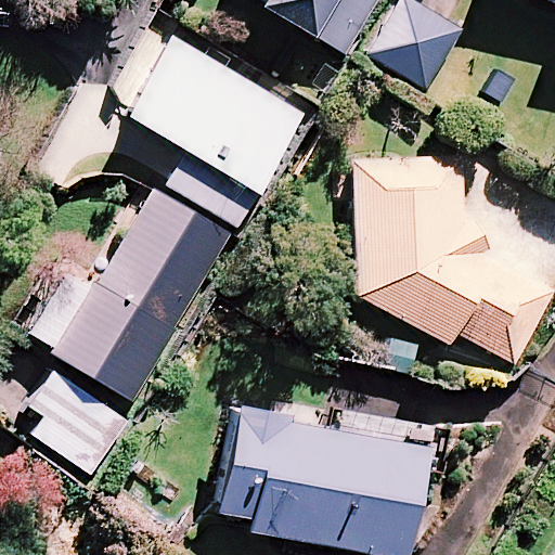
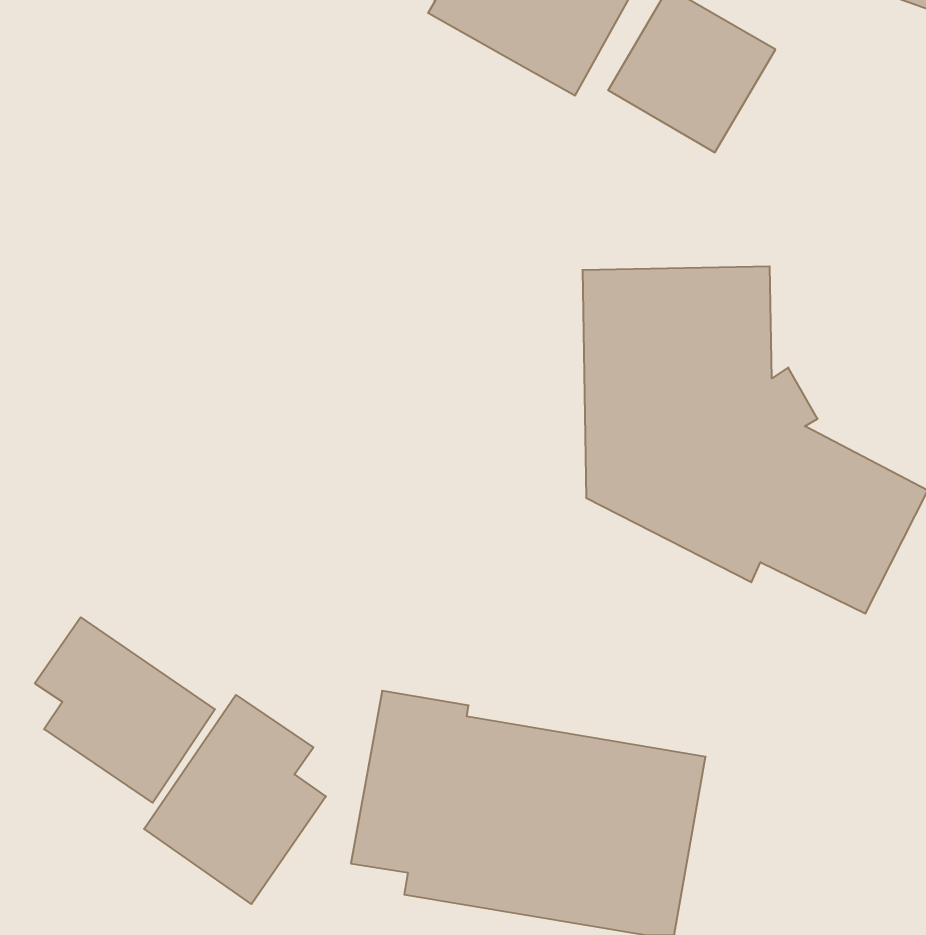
building: [122,33,307,225] -> none
building: [51,185,233,398] -> none
building: none -> [144,695,326,904]

